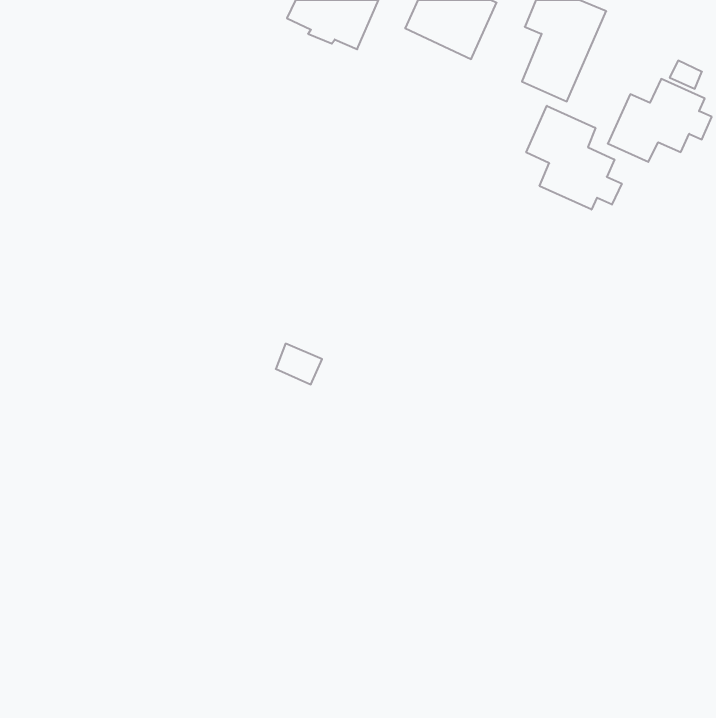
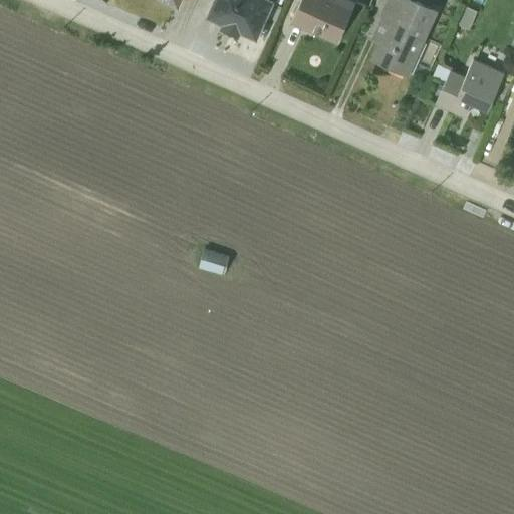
building: [526,106,622,210] -> none

